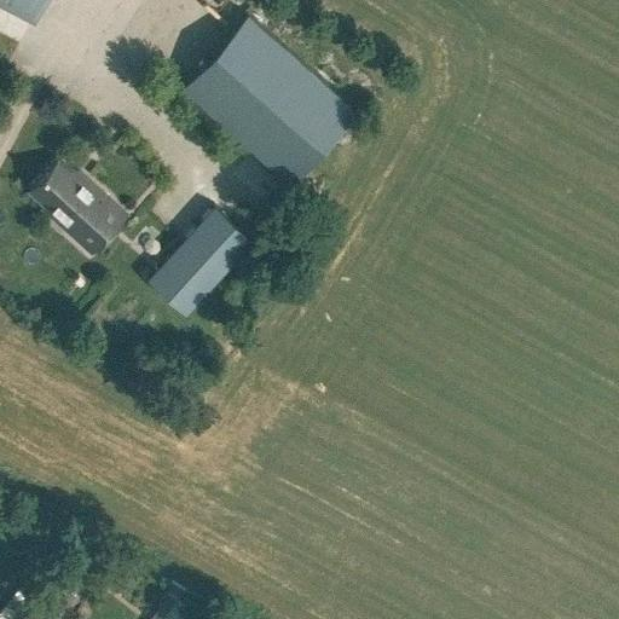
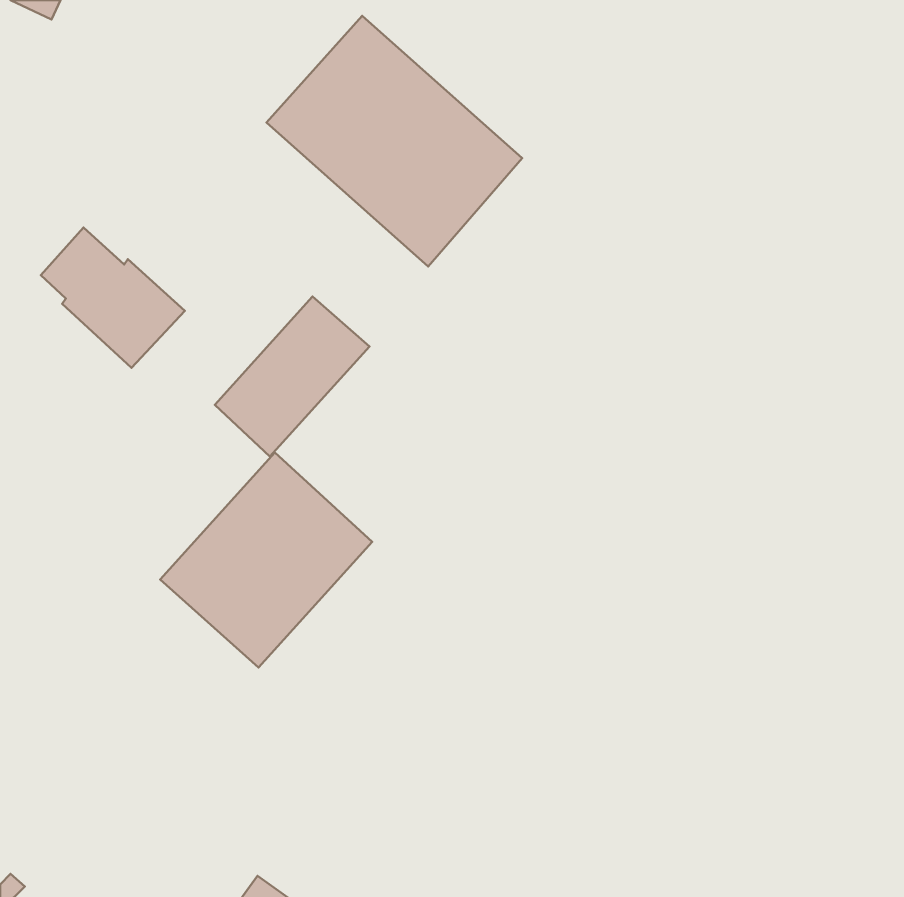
building: none -> [160,452,372,667]

